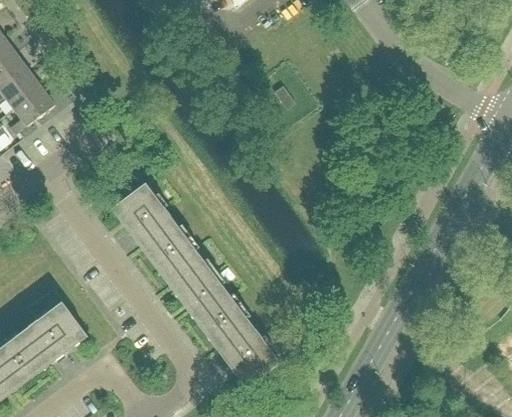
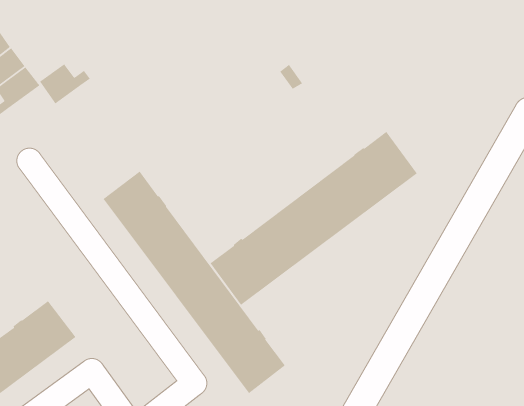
building: none -> [38,62,91,105]
building: none -> [209,131,418,306]

